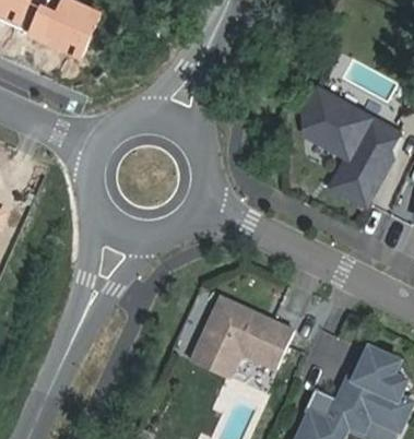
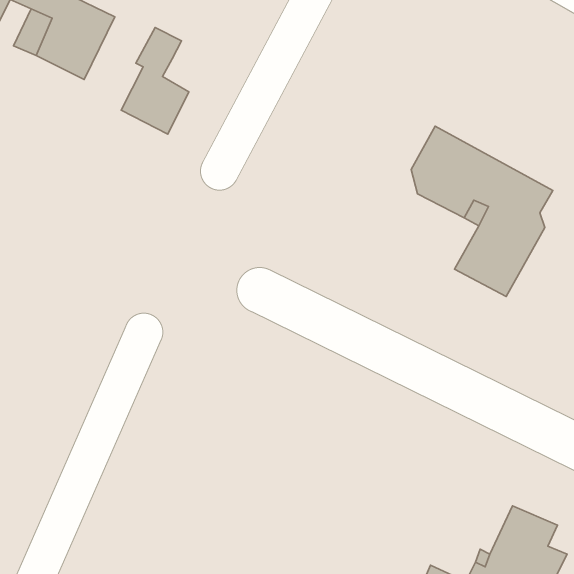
building: none -> [121,28,189,134]
building: [191,297,293,379] -> none

